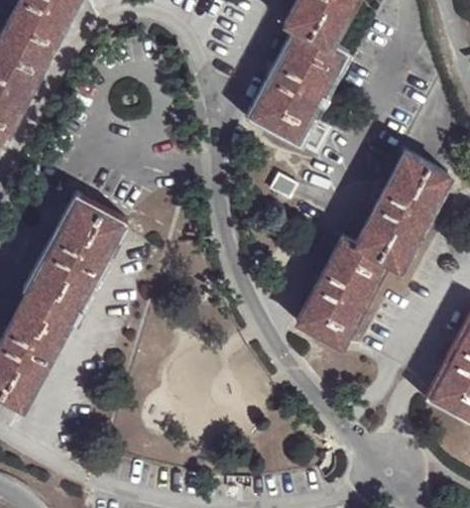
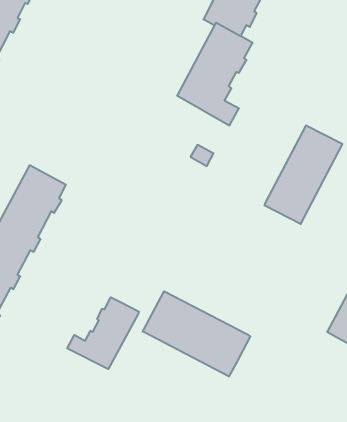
building: [298,238,386,348] -> none
building: none -> [143,291,250,377]
building: none -> [67,297,139,369]

